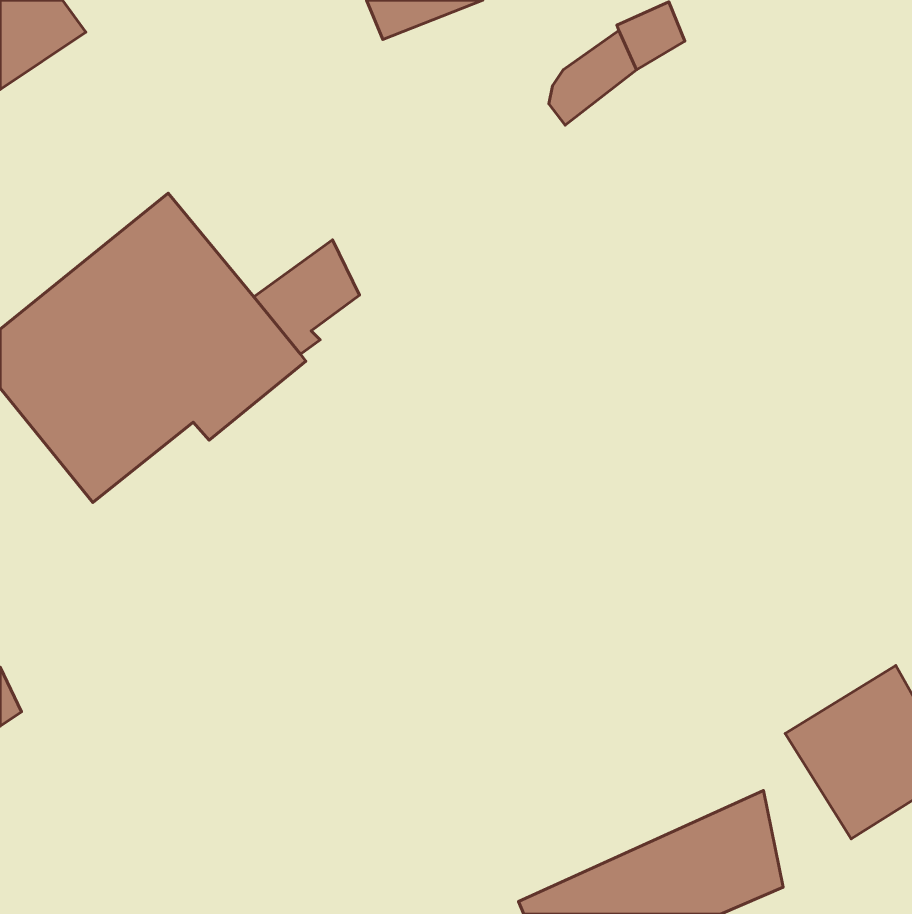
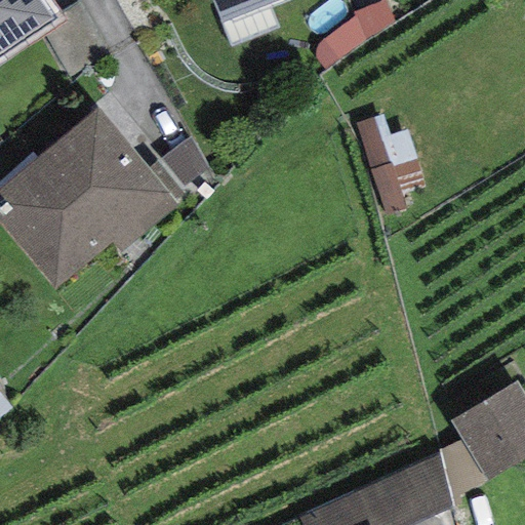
building: none -> [358,115,423,215]

